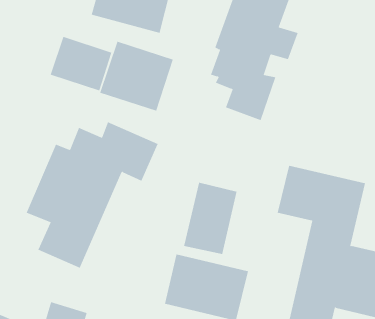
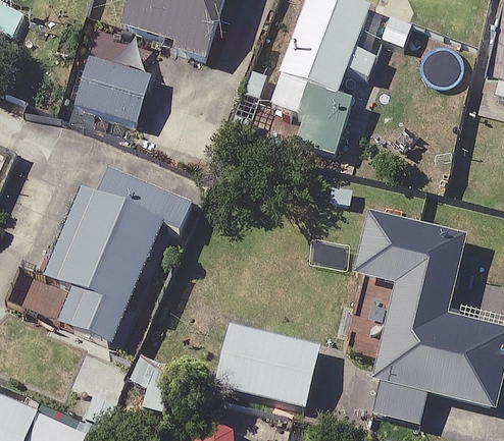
building: [100,41,173,112] -> none
building: [184,182,237,255] -> none

